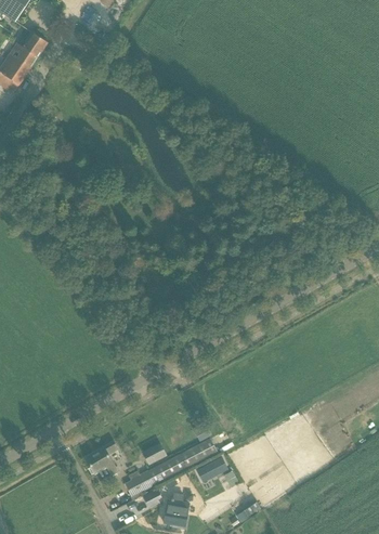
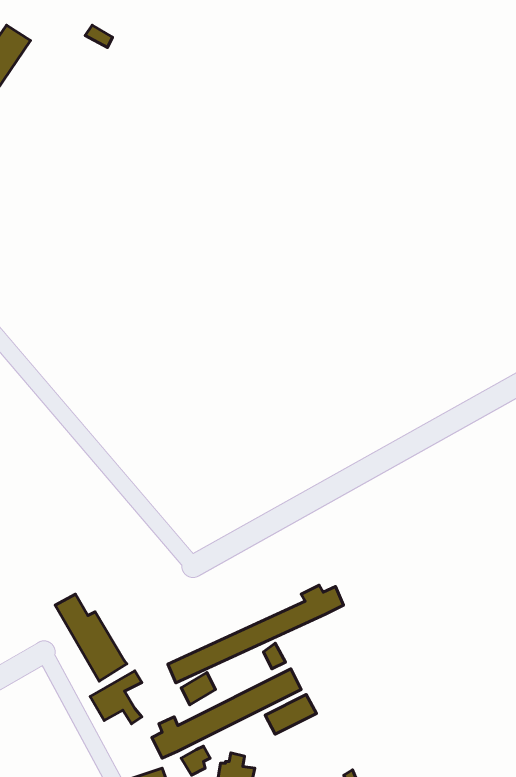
building: none -> [168,585,343,683]
building: none -> [55,594,127,681]

